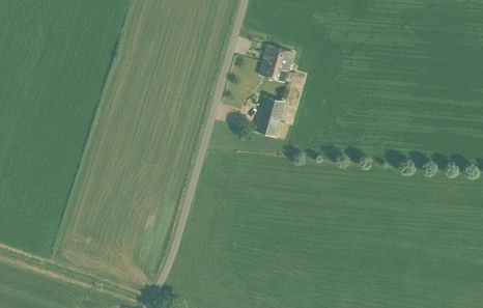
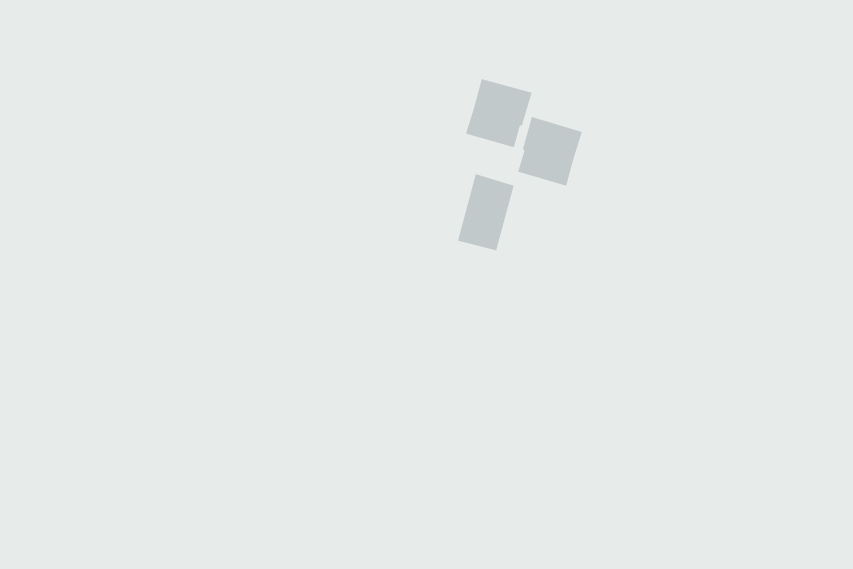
building: none -> [518,116,582,187]

